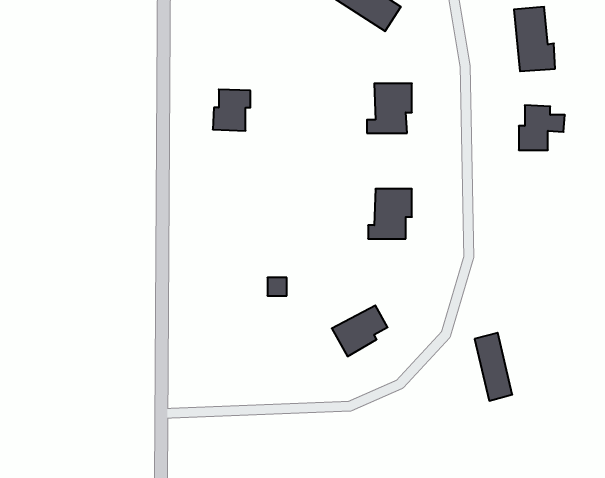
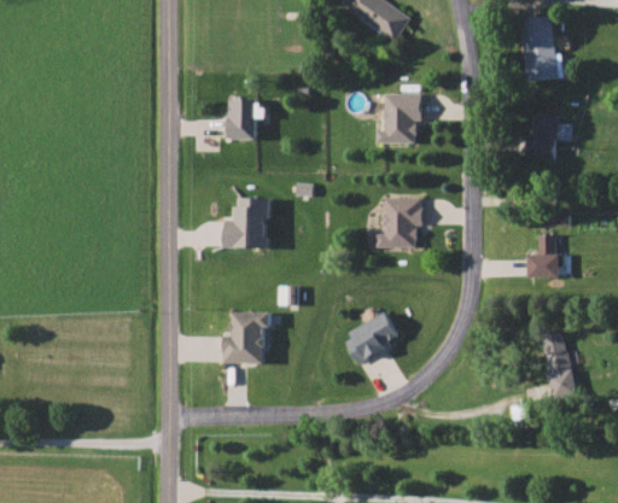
building: none -> [225,198,268,248]
building: none -> [527,234,561,277]
building: none -> [223,312,270,363]
building: [475,333,512,401] -> [541,331,578,398]

